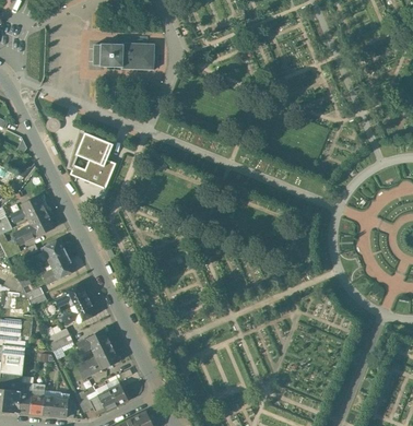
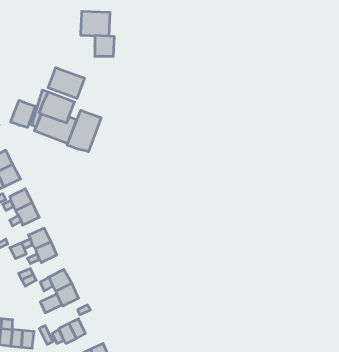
building: [99,44,121,67] -> [95,36,114,56]
building: none -> [48,68,84,98]
building: none -> [11,100,35,127]
building: none -> [67,110,101,152]

